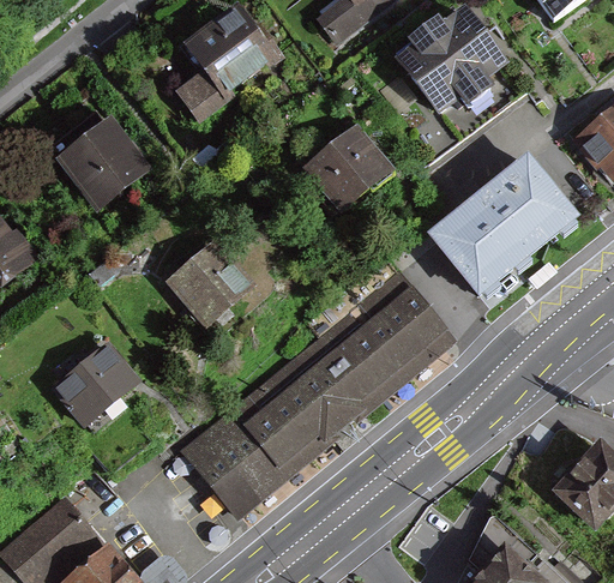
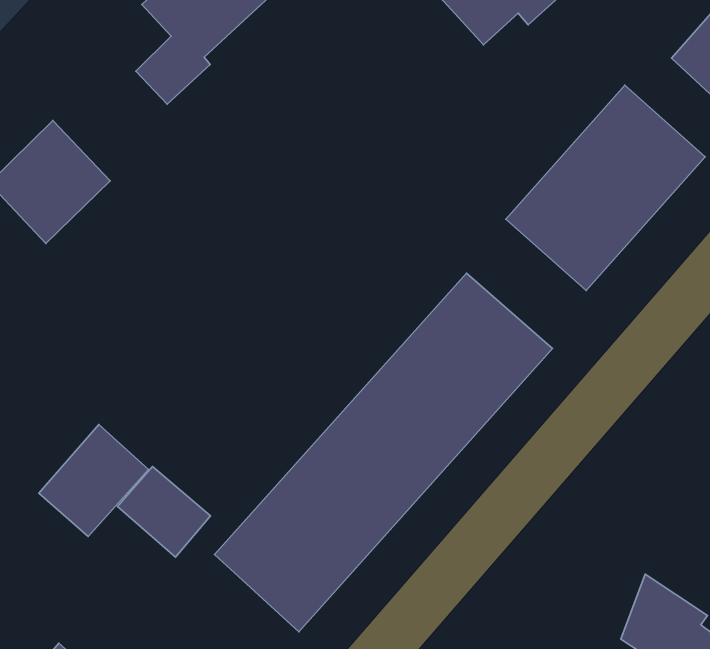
building: [303,124,397,215] -> none
building: [170,238,255,321] -> none
building: none -> [117,467,210,557]

